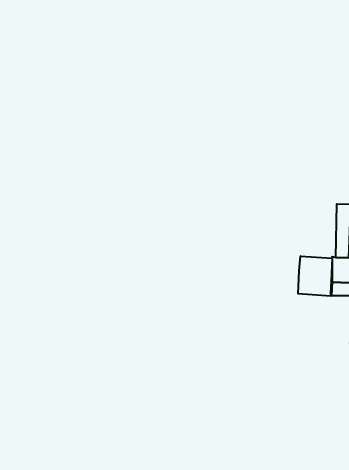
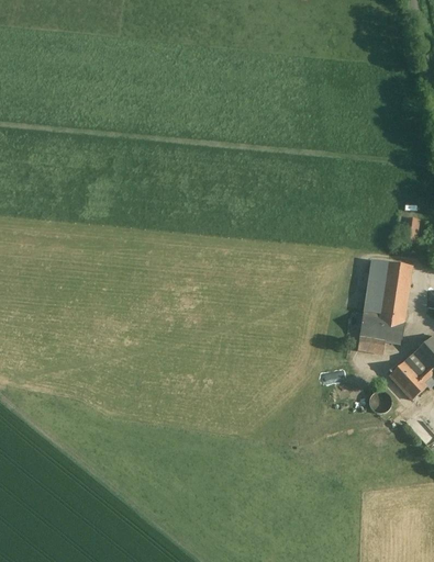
building: [298,256,332,296] -> none

